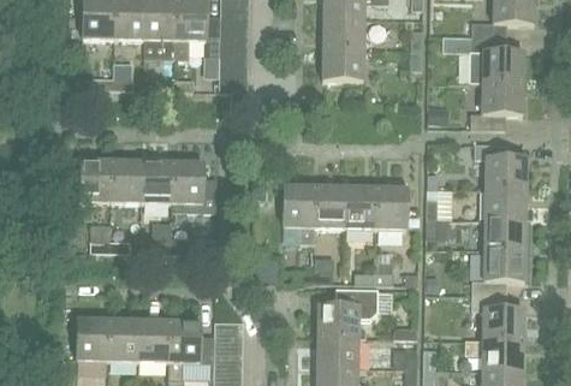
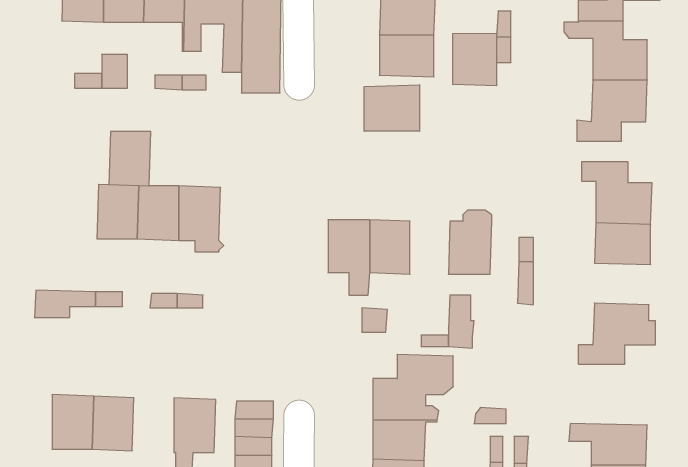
building: none -> [453,33,496,86]
building: none -> [364,85,419,131]
building: [81,160,112,201] -> [109,131,151,186]
building: [345,188,375,227] -> none
building: [483,219,530,250] -> none
building: [465,295,523,340] -> none
building: [137,320,168,361] -> none

